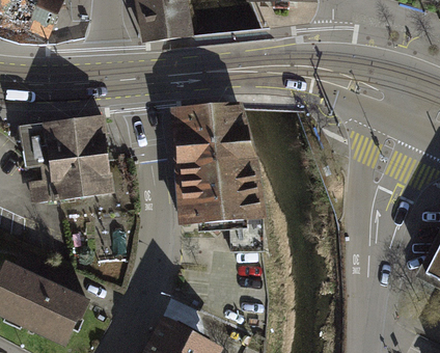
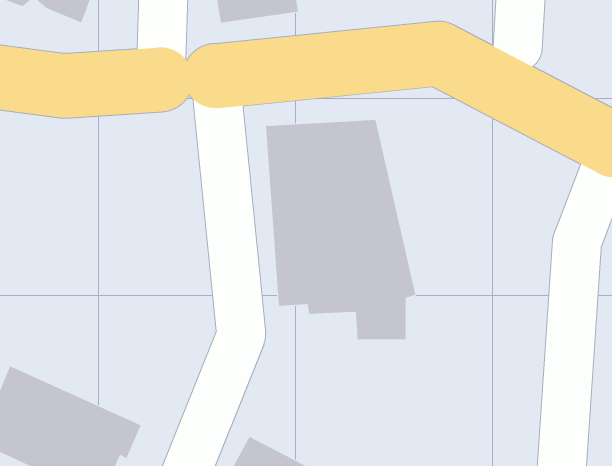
building: [10,111,108,196] -> none

